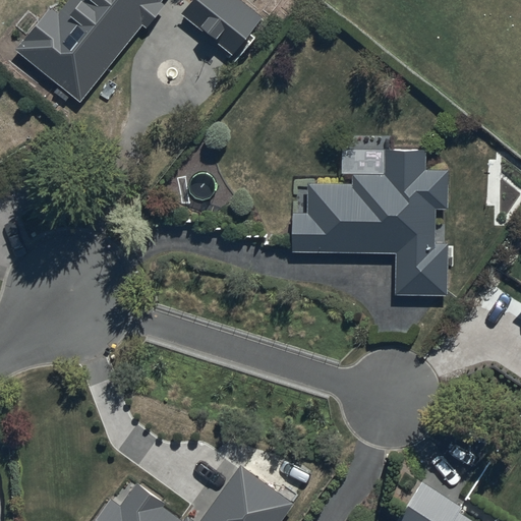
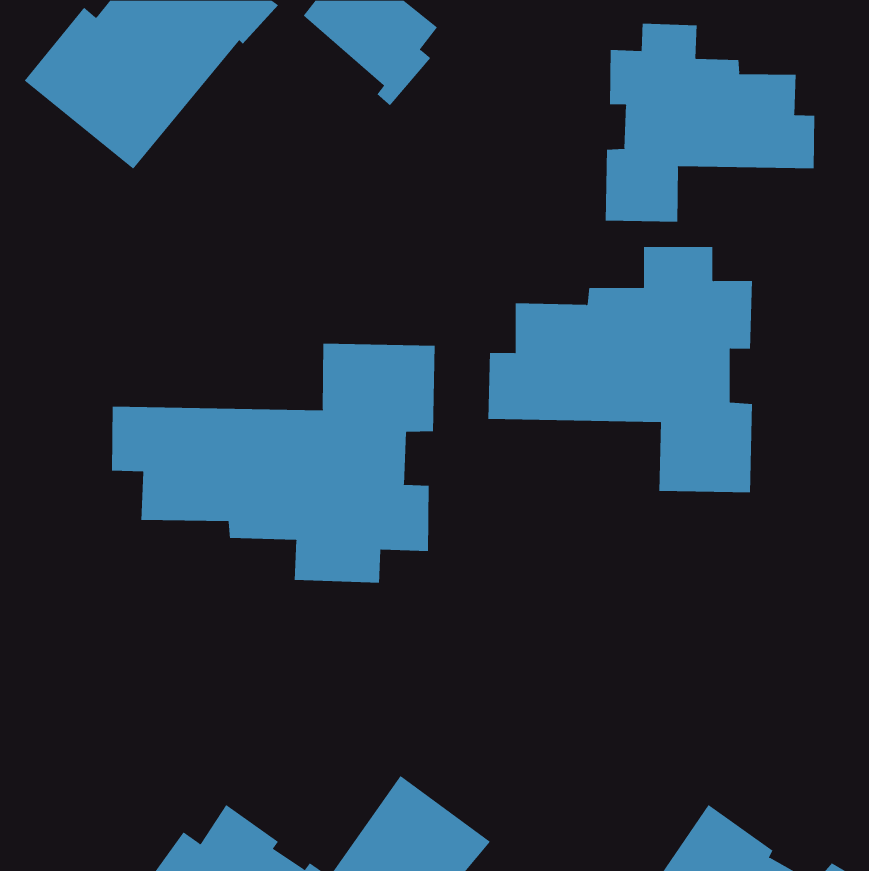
building: none -> [605,23,815,222]
building: none -> [112,343,435,583]

